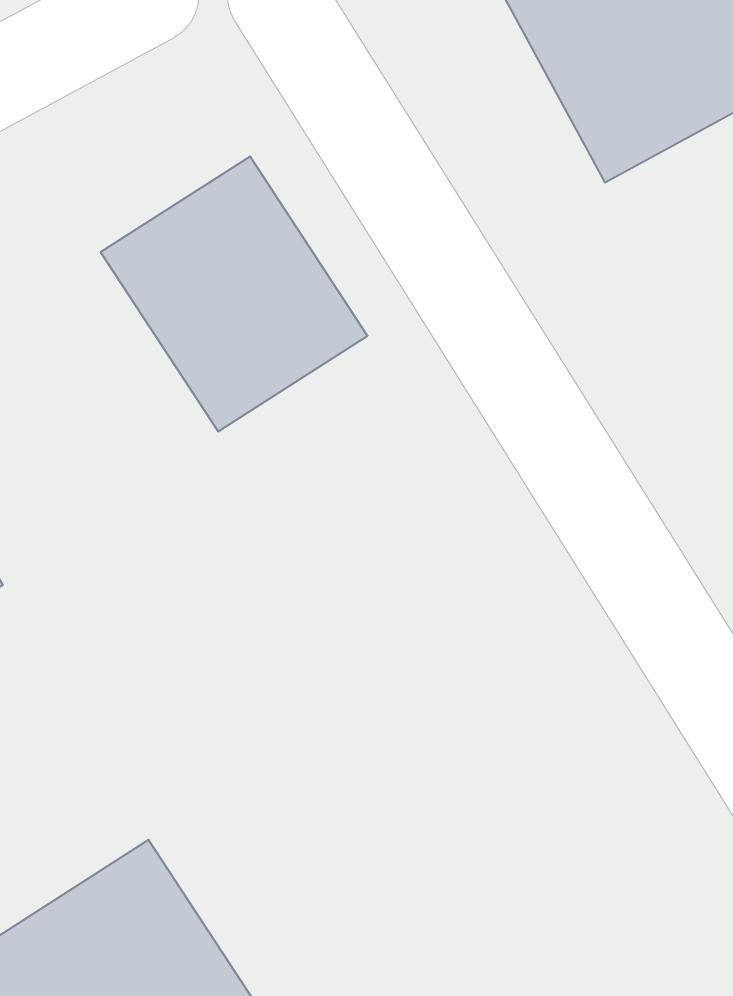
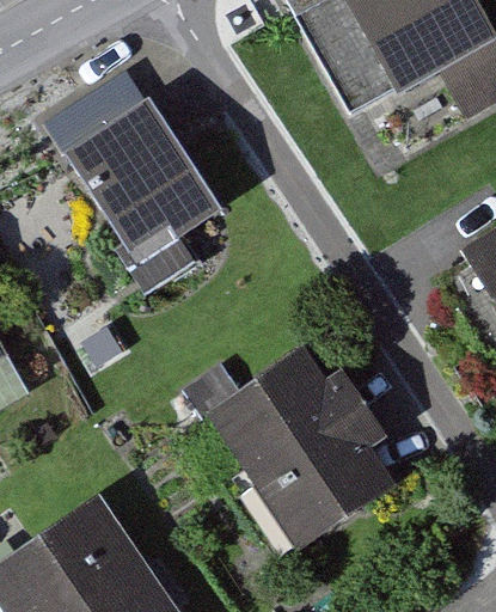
building: none -> [212,359,392,549]

